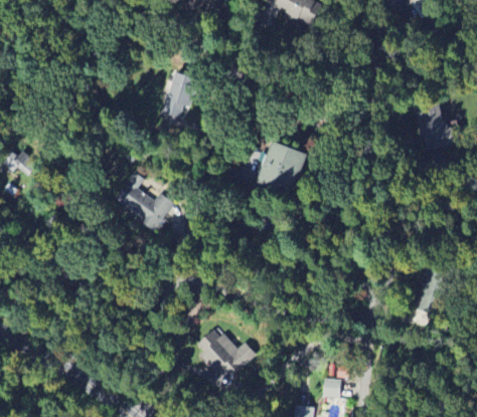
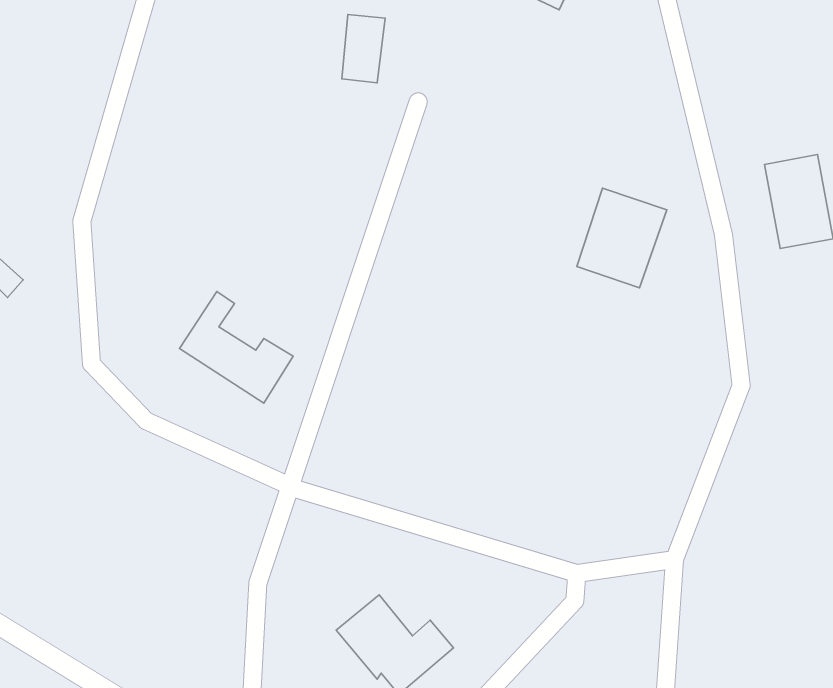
building: [167,80,189,116] -> [342,14,385,83]
building: [260,140,306,191] -> [577,188,667,288]

